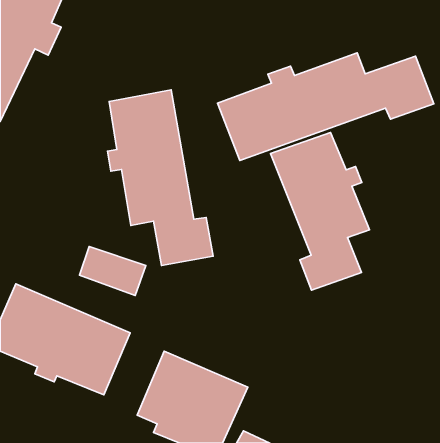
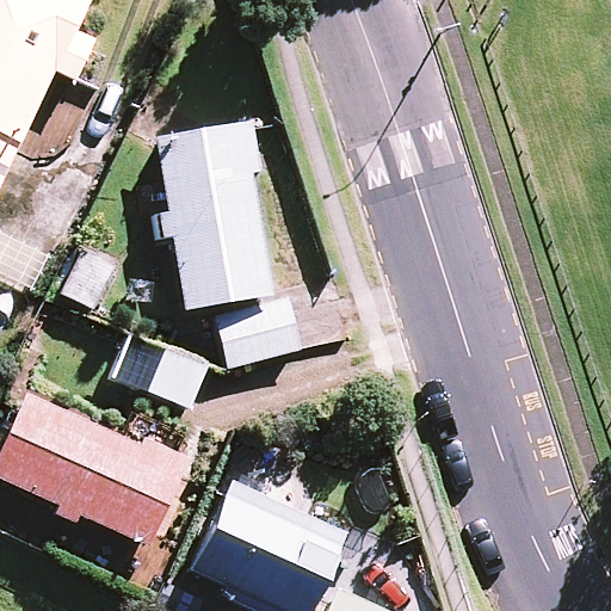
building: [218,53,434,160] -> none
building: [271,132,370,290] -> none

